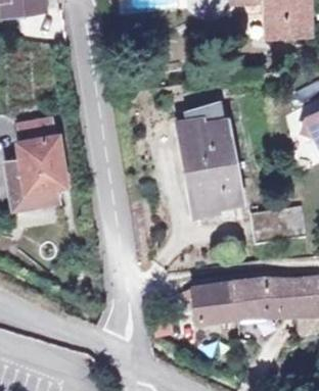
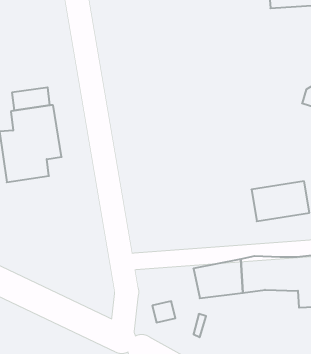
building: [179,103,240,219] -> none

